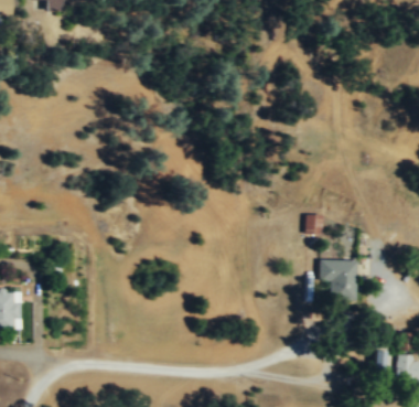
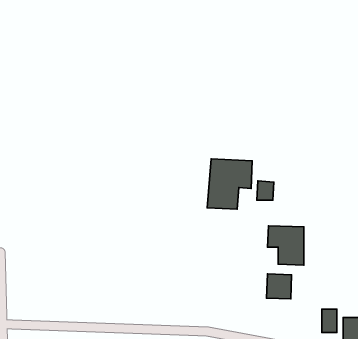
building: none -> [207,159,252,209]
building: none -> [267,274,291,299]

